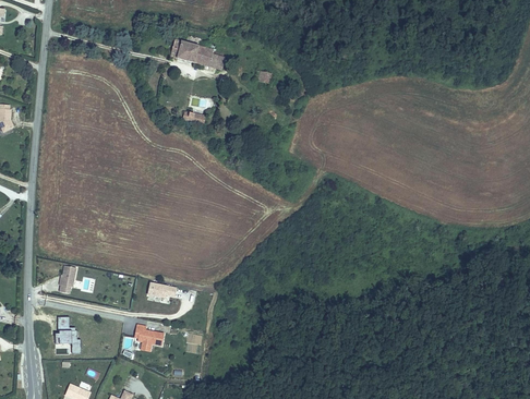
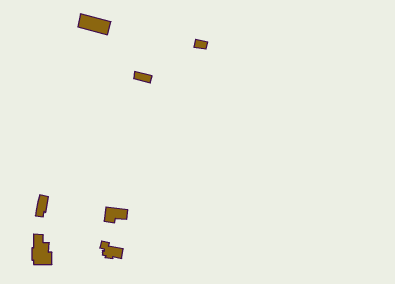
building: [168,40,209,66] -> [78,14,111,35]

